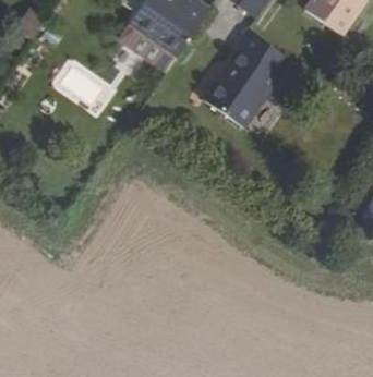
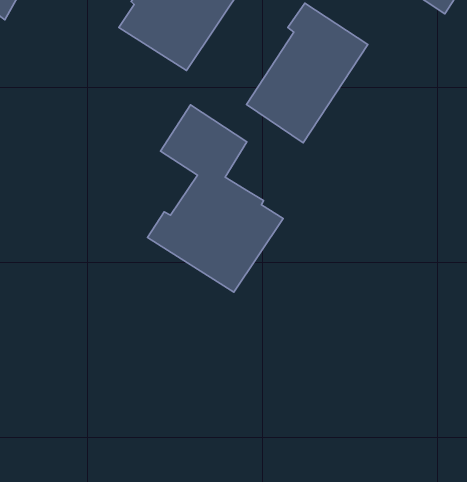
building: none -> [148,105,283,292]

